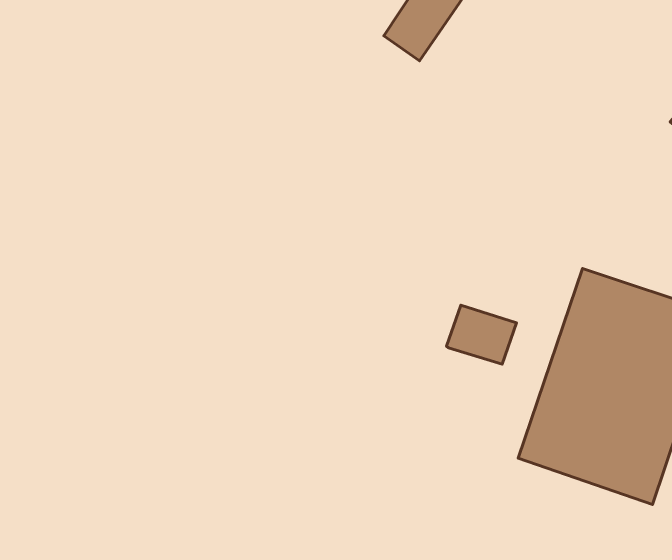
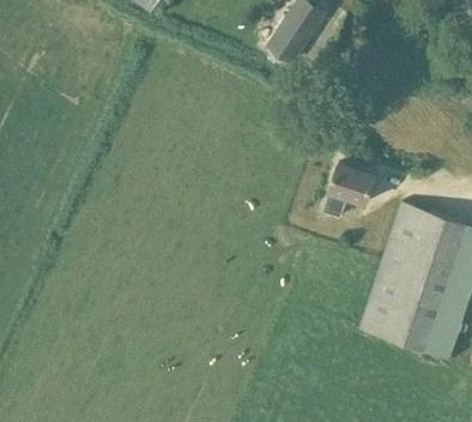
building: [447,305,516,364] -> [329,164,376,204]

